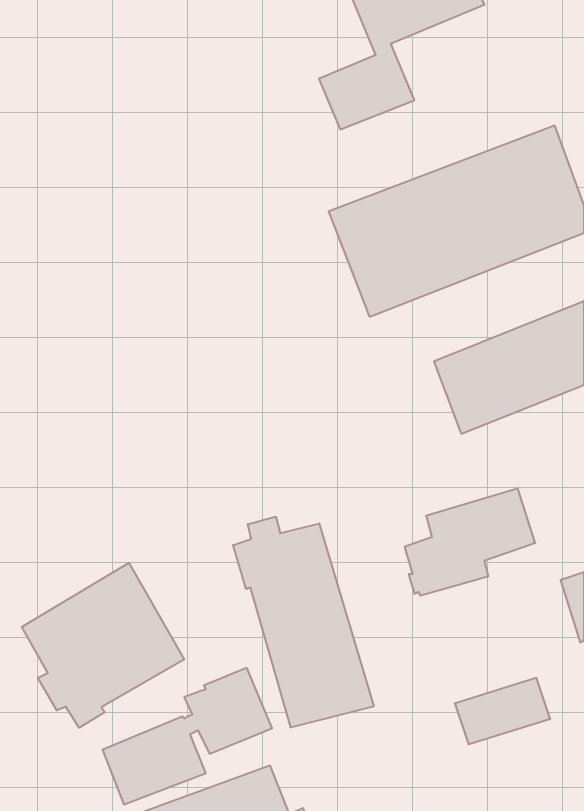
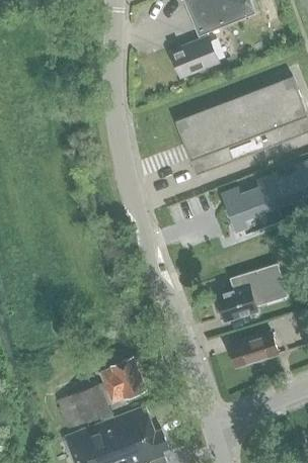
building: [233,517,374,728] -> none
building: [22,563,184,728] -> none
building: [455,678,550,744] -> [227,333,277,367]

